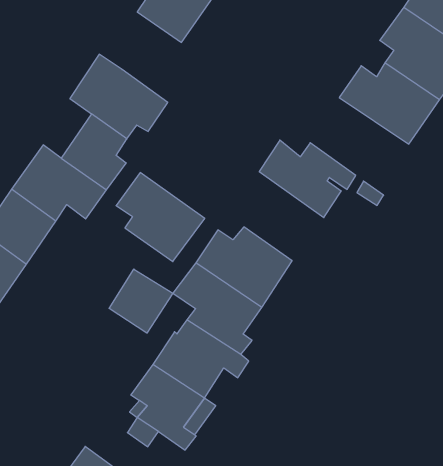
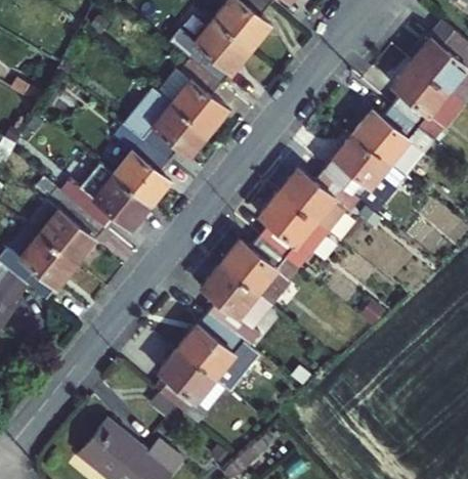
building: none -> [166,51,222,130]
building: none -> [322,136,406,216]
building: [116,173,205,262] -> [254,194,329,272]
building: [109,269,173,333] -> none

